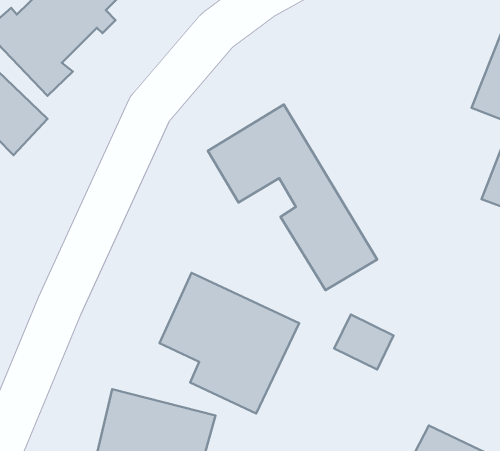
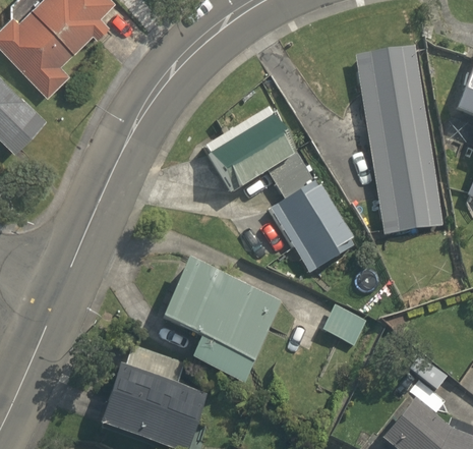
building: none -> [358,44,446,229]

